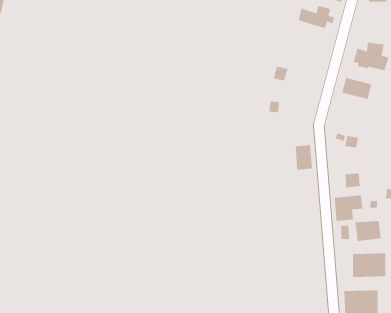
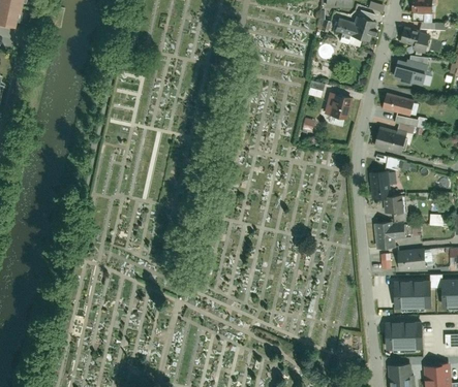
building: none -> [401,27,429,53]
building: none -> [325,92,355,119]
building: none -> [375,127,409,153]
building: [295,144,313,170] -> [371,170,391,198]

